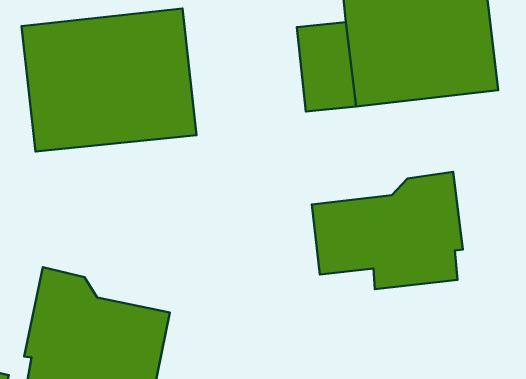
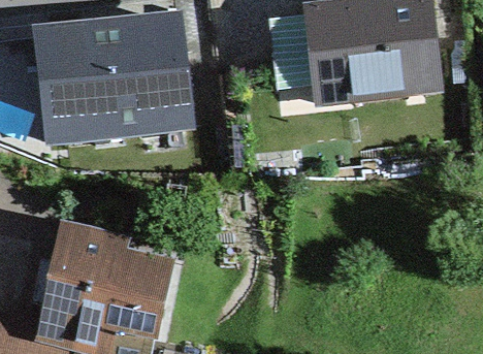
building: [312,172,463,289] -> none

